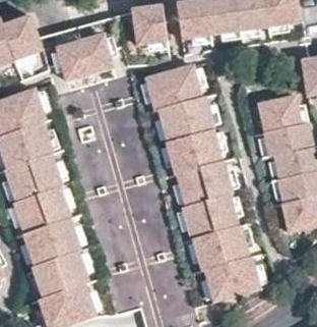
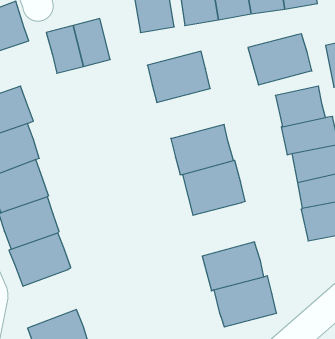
building: [157,94,213,139] -> [248,34,312,85]
building: [182,195,238,241] -> none
building: [34,254,87,303] -> none

